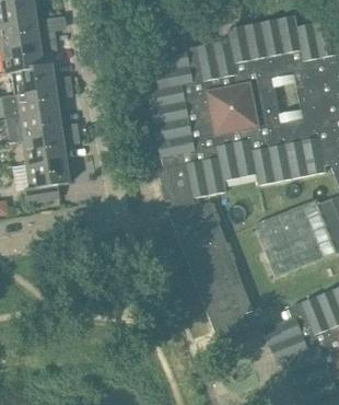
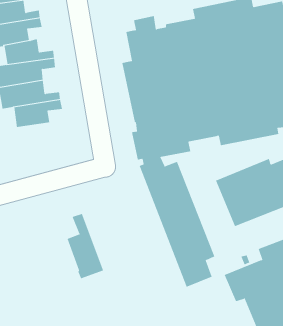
building: [25,159,70,202] -> none
building: none -> [67,213,104,279]

